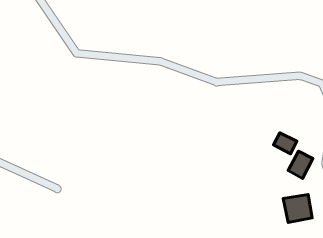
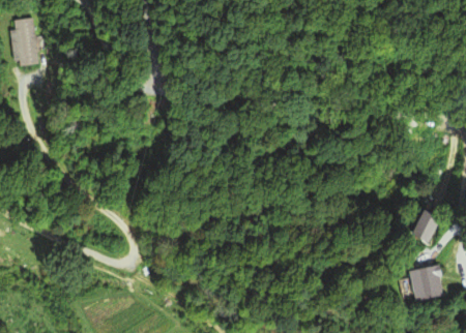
building: [273,133,297,154] -> none

